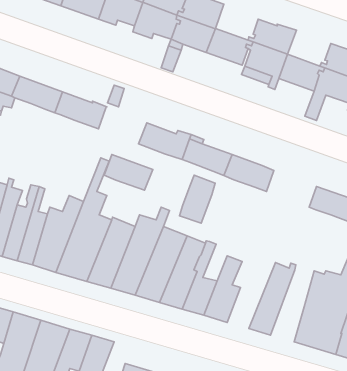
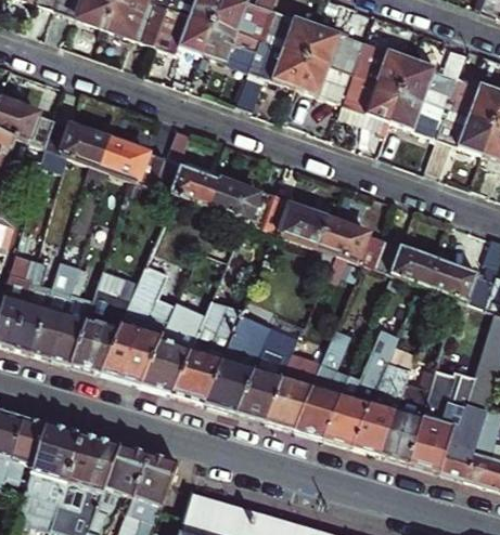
building: none -> [307,24,363,70]
building: none -> [400,48,465,104]
building: [104,154,153,190] -> [155,158,218,205]
building: none -> [373,239,438,287]
building: [180,175,215,223] -> none
building: none -> [322,327,396,444]
building: none -> [379,368,422,461]

